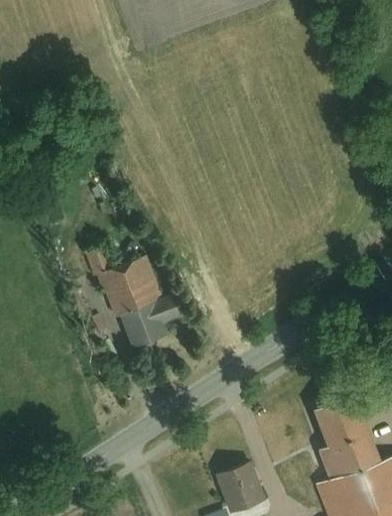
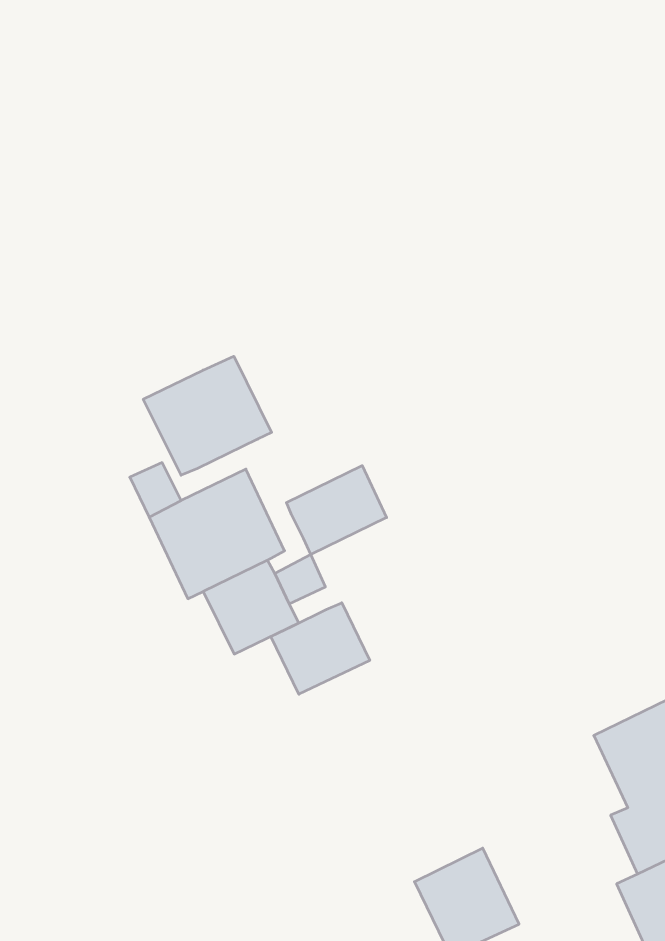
building: none -> [143,356,272,475]
building: none -> [286,466,387,554]
building: none -> [271,603,370,694]

